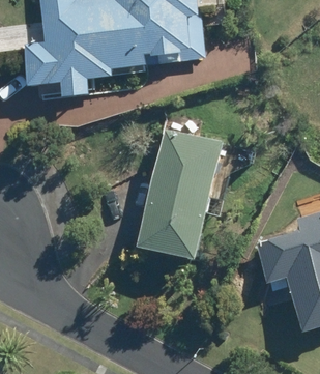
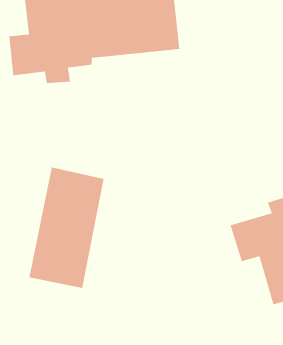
building: [140,130,220,258] -> [29,167,104,289]

